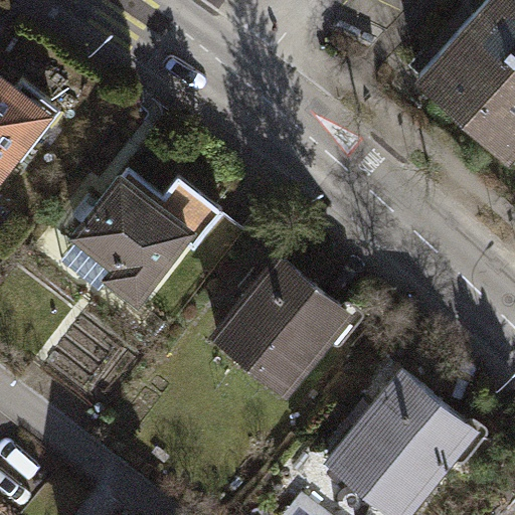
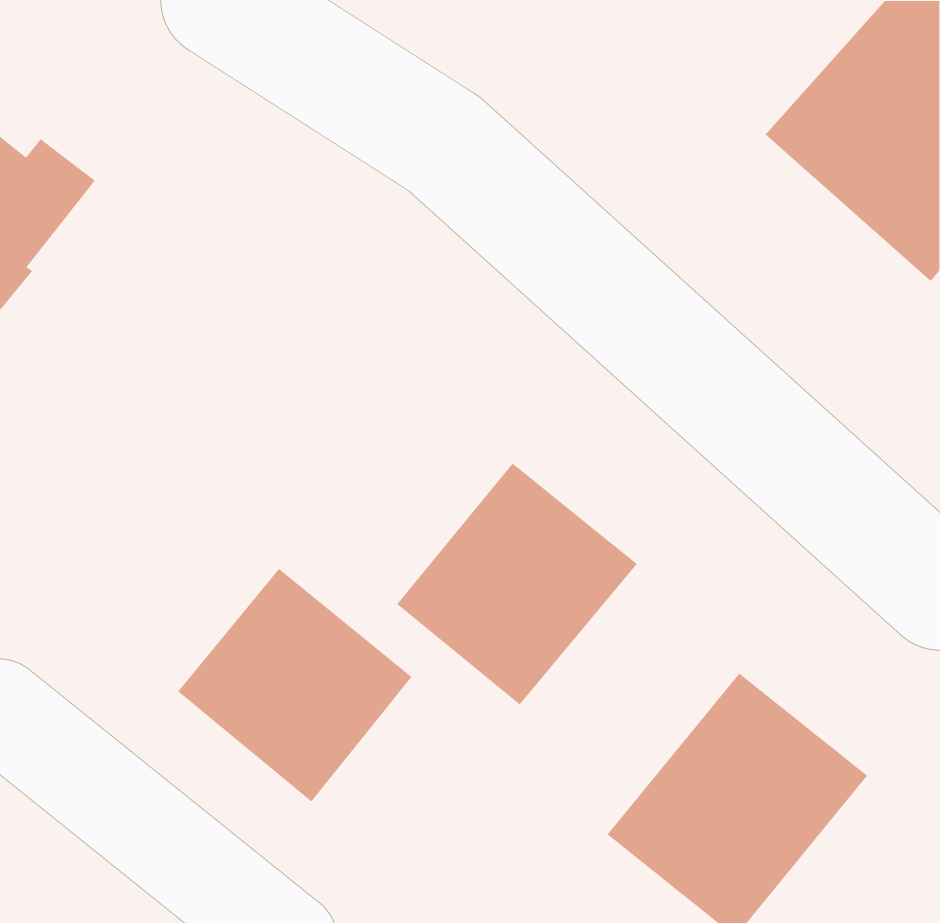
building: [76,175,222,305] -> none
building: none -> [177,568,412,803]

